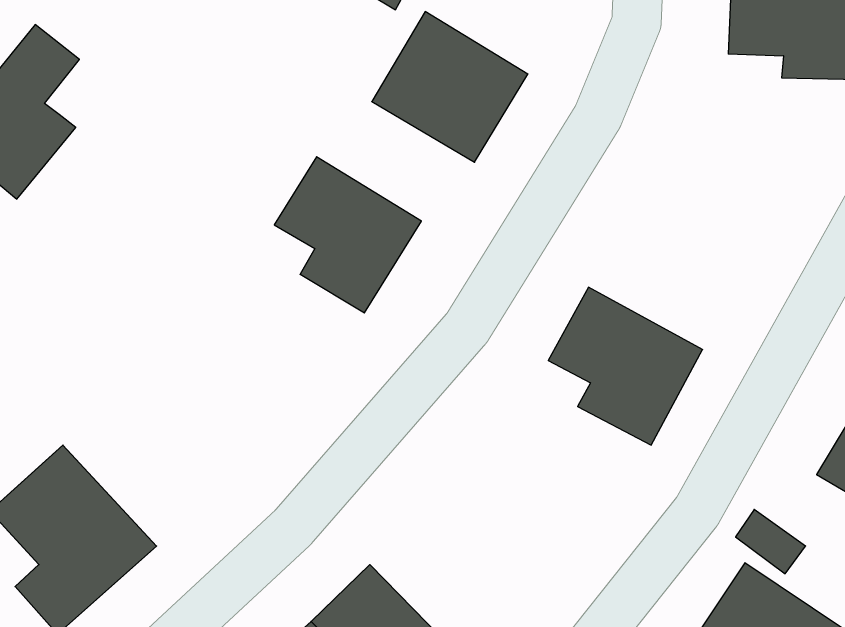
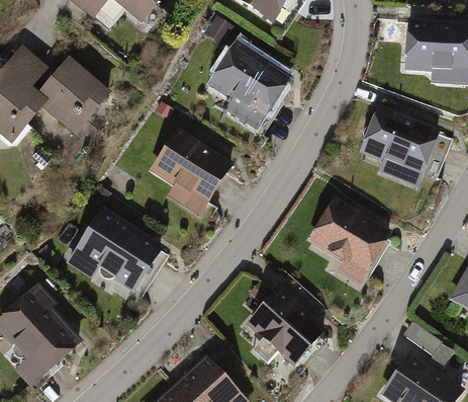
building: none -> [33,62,110,138]
building: none -> [361,105,445,185]
building: none -> [73,209,167,299]
building: none -> [235,280,327,372]

